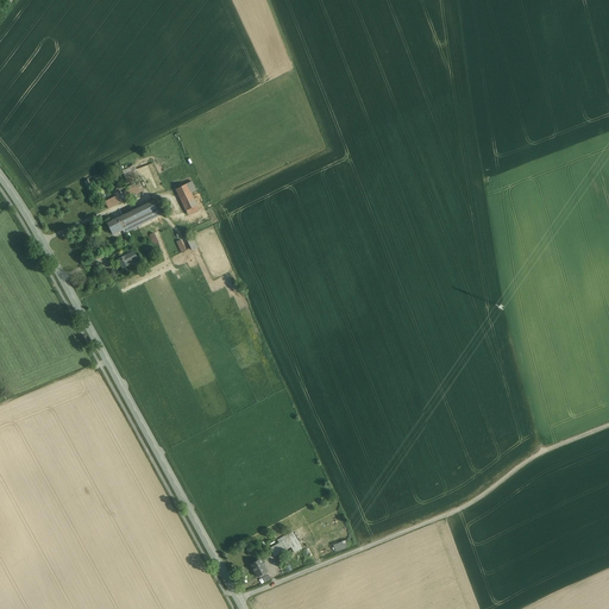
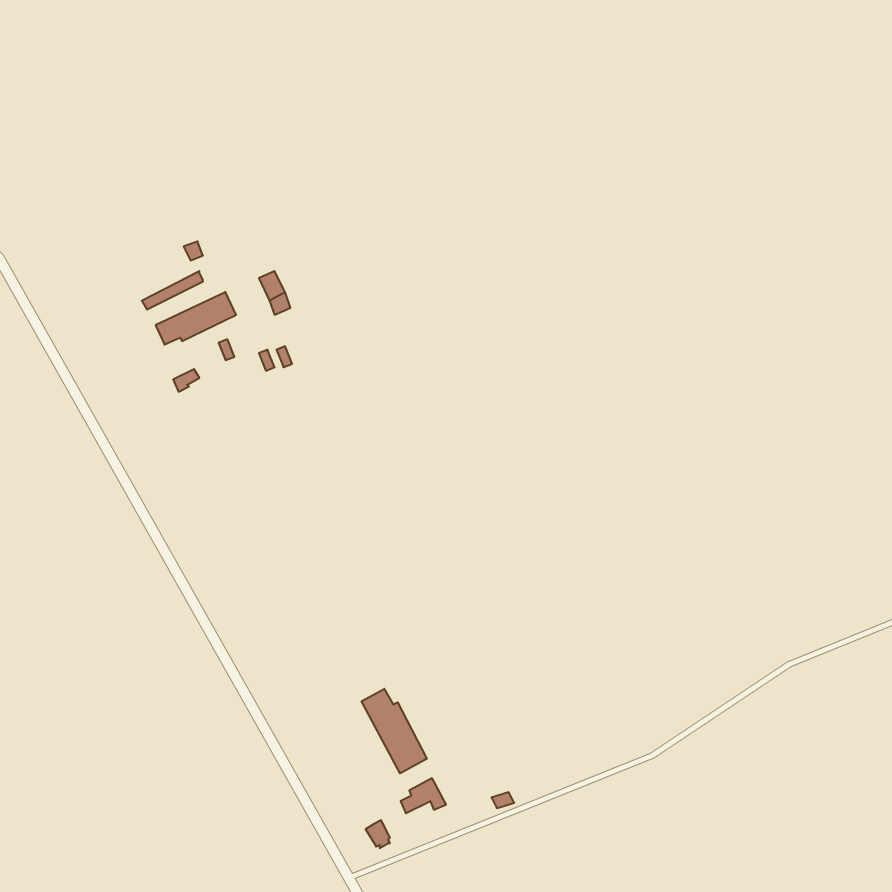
building: none -> [362,689,427,773]

